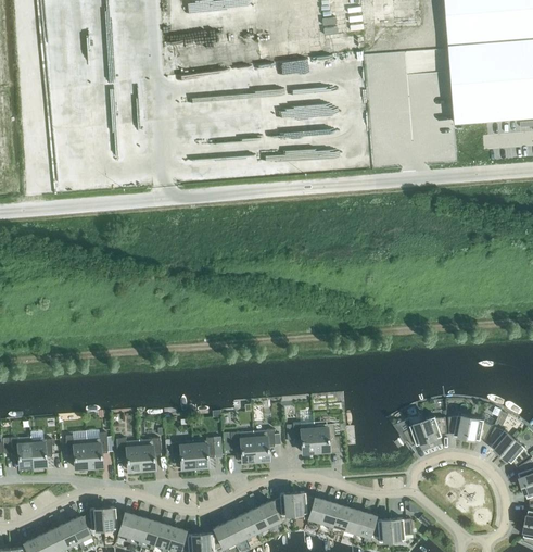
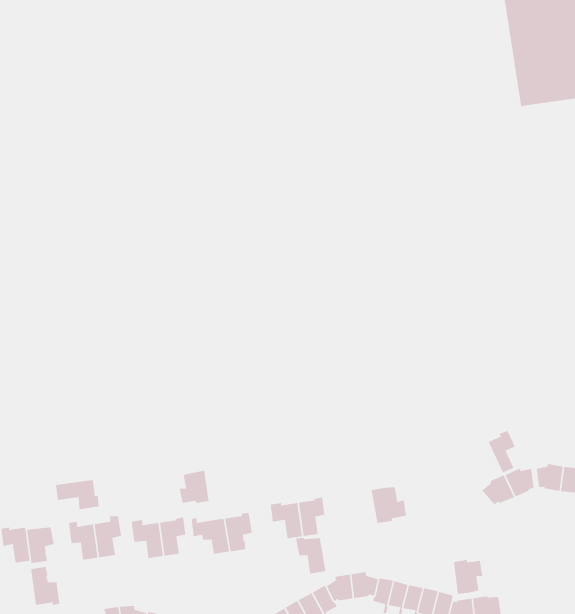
building: none -> [487,430,517,473]
building: none -> [179,465,210,506]
building: none -> [55,479,100,510]
building: [292,423,316,454] -> [295,537,327,575]
building: none -> [30,566,60,607]
building: none -> [453,558,483,600]

